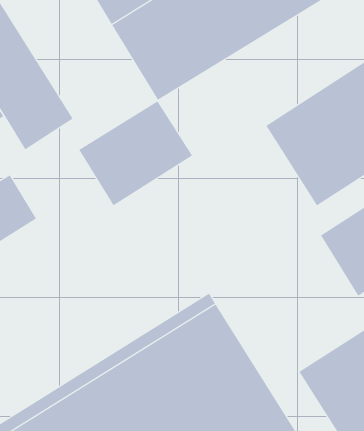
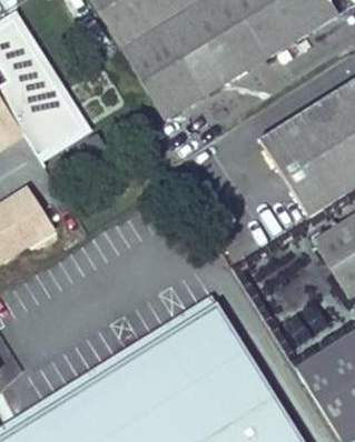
building: [79,100,193,206] -> none

